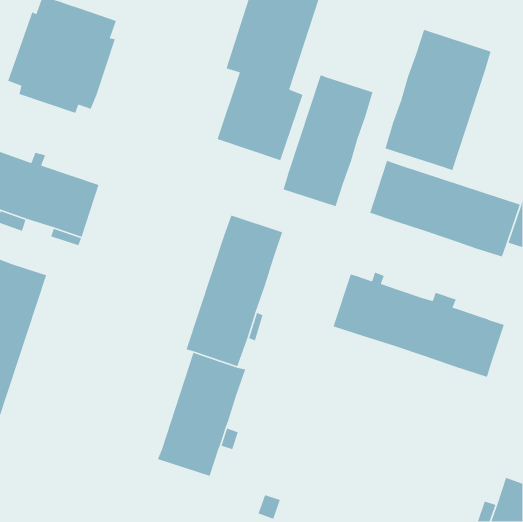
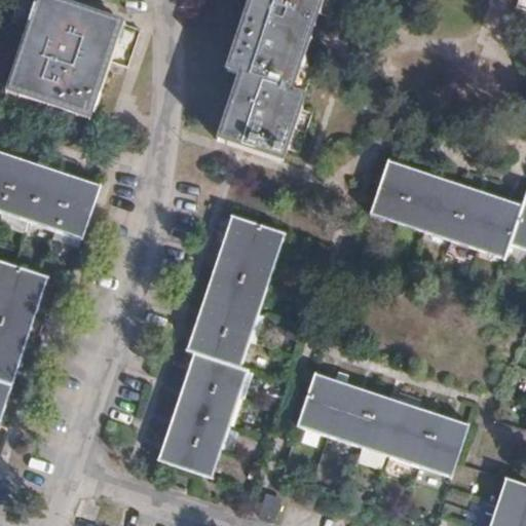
building: [385,29,492,171] -> none
building: [283,74,374,207] -> none
building: [333,271,505,378] -> [297,371,469,478]

